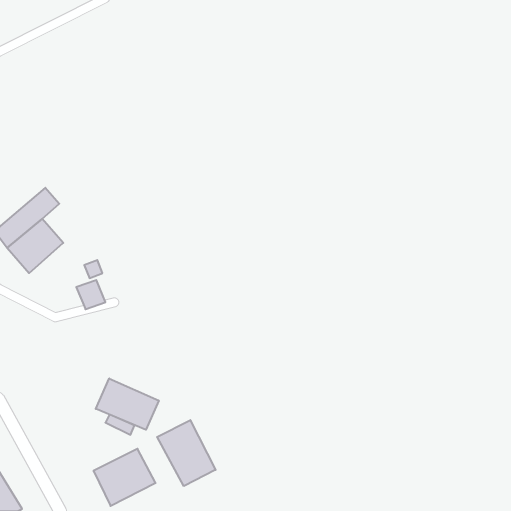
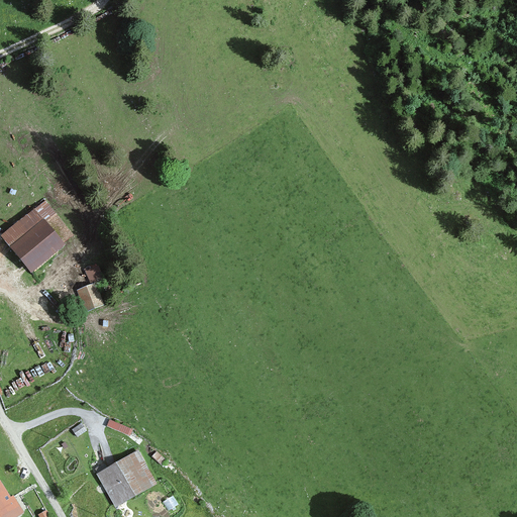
building: [96,378,159,430] -> none
building: [157,420,216,486] -> none

